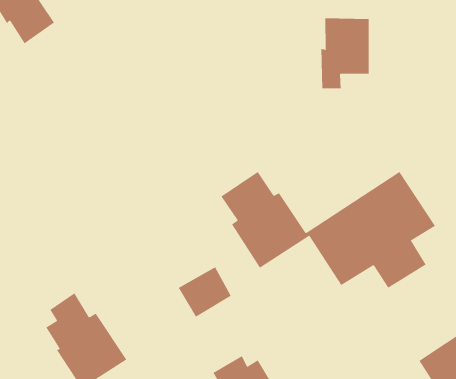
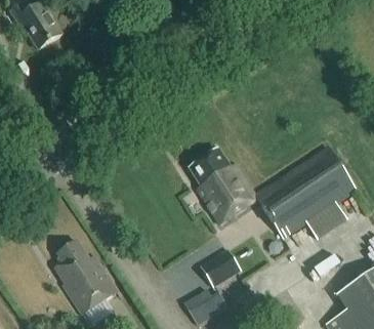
building: [321,17,369,89] -> none
building: [178,267,231,317] -> [199,249,240,288]

